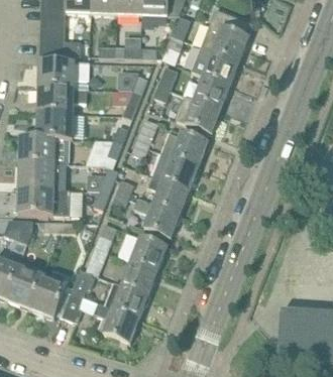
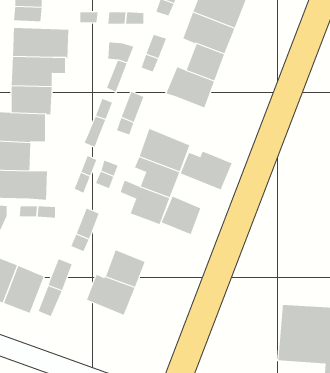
building: [160,131,208,166] -> [180,151,232,190]
building: [130,236,166,271] -> [161,196,201,235]
building: [93,302,138,343] -> none

